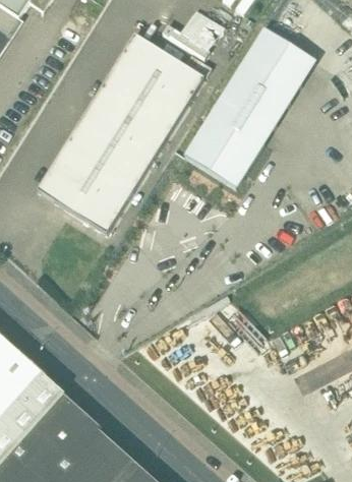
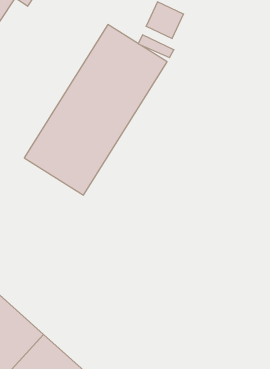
building: [185,28,316,187] -> none

